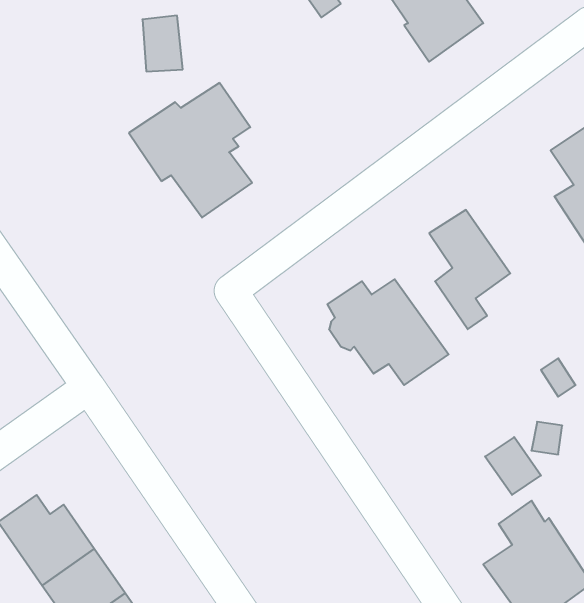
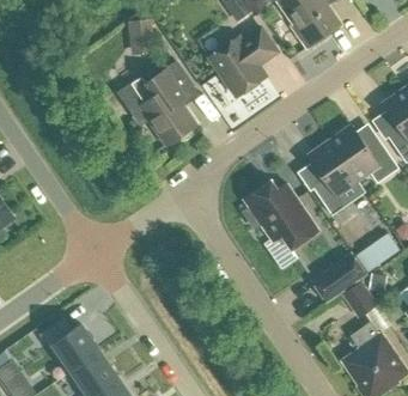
building: none -> [209,28,278,97]
building: none -> [330,126,398,183]
building: none -> [312,255,365,301]

